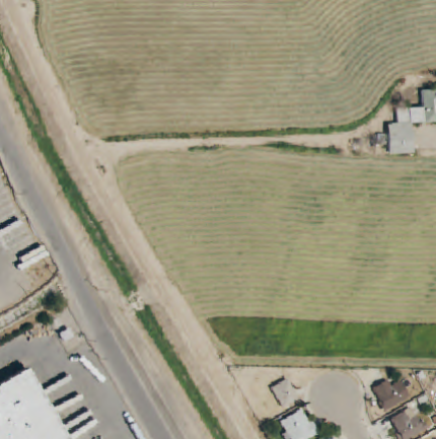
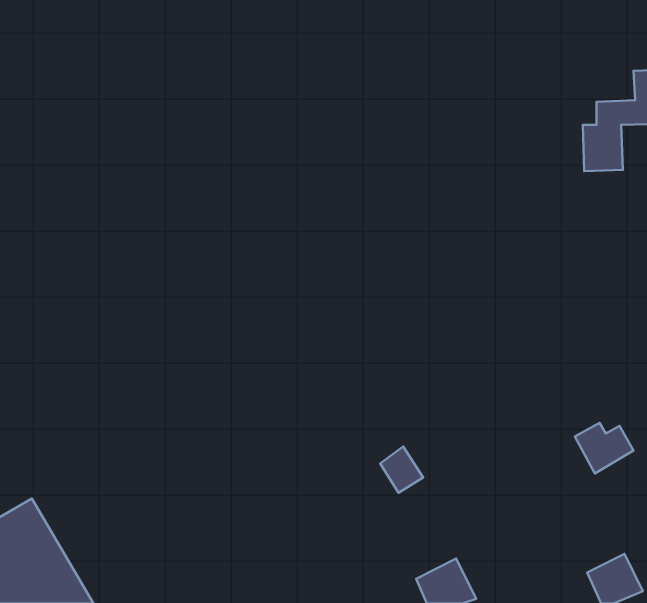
building: [271,378,299,409] -> [380,447,423,493]
building: [372,379,411,413] -> [575,423,634,474]

